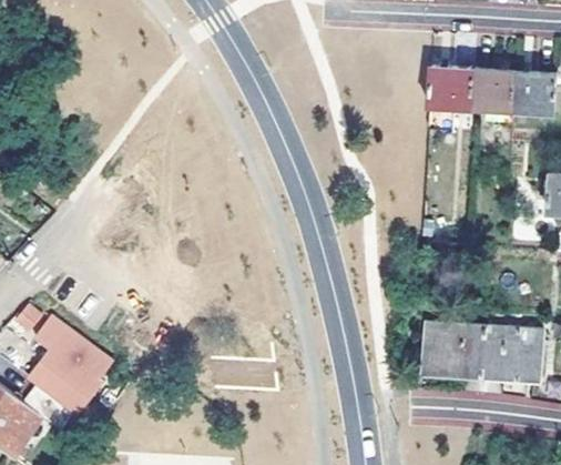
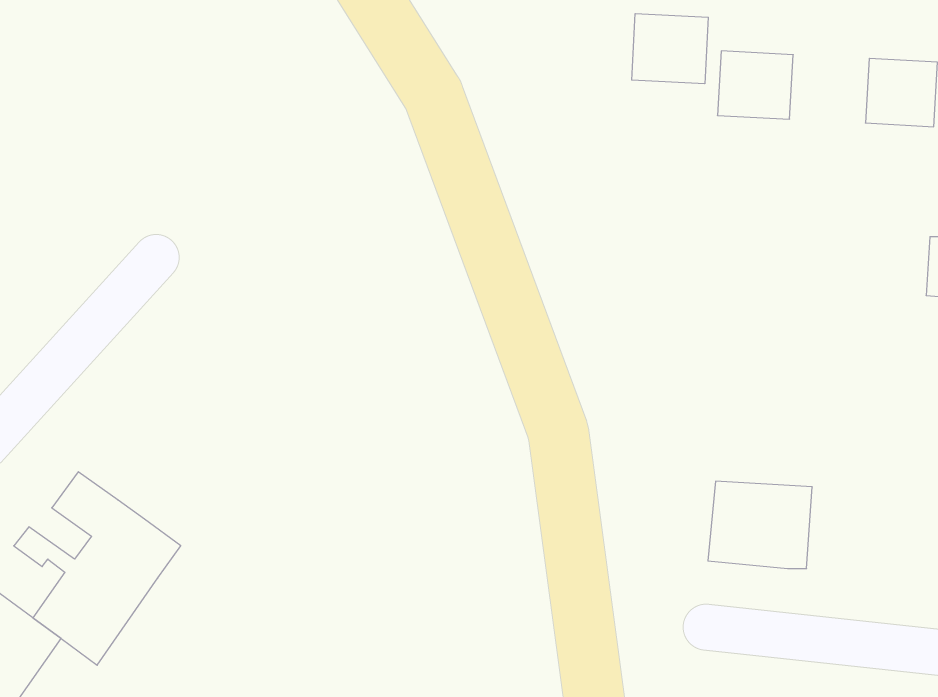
building: none -> [632,14,708,84]
building: [469,73,516,113] -> none
building: [479,326,541,378] -> none

